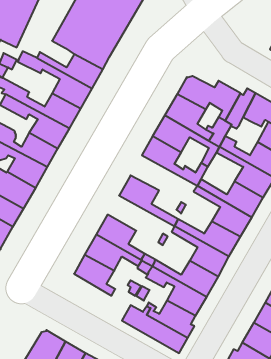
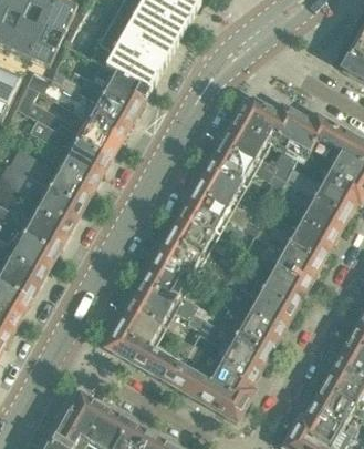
building: none -> [179,191,257,233]
building: none -> [153,237,230,279]
building: none -> [107,328,179,382]

